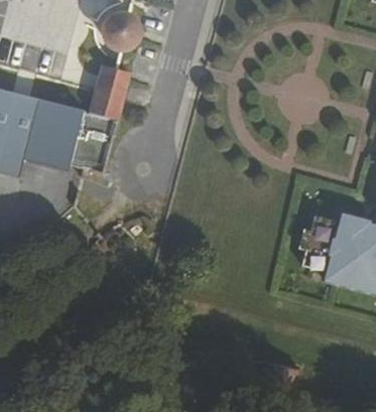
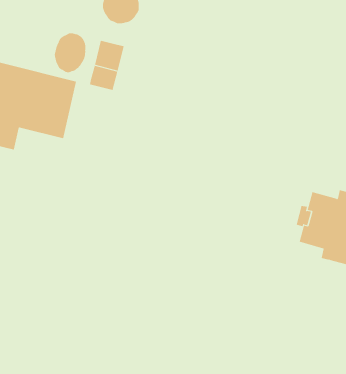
building: none -> [54,33,86,73]

